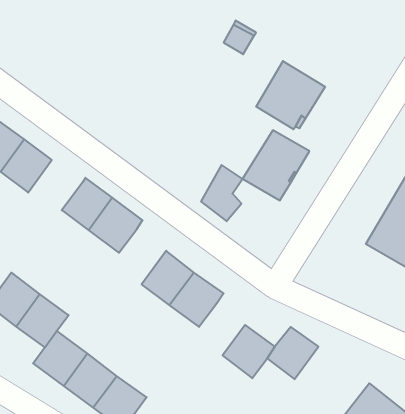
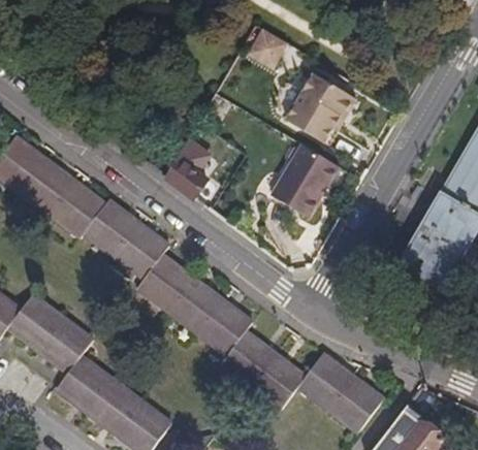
building: none -> [47,178,104,235]
building: [201,165,242,221] -> [166,141,210,200]
building: none -> [135,250,192,308]
building: none -> [220,327,275,382]
building: none -> [326,373,381,428]

